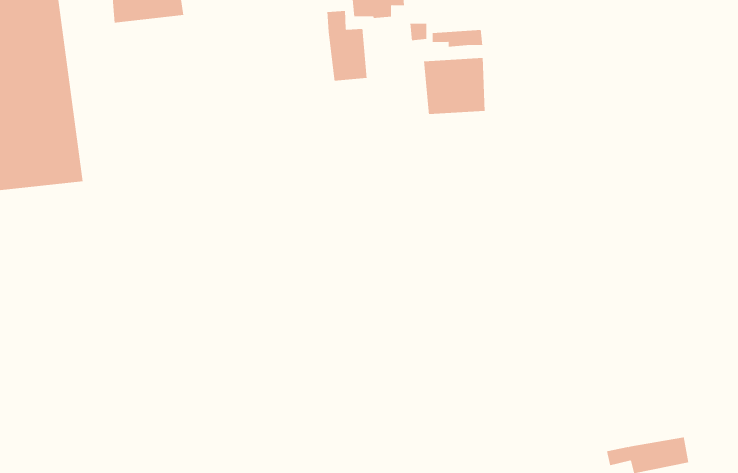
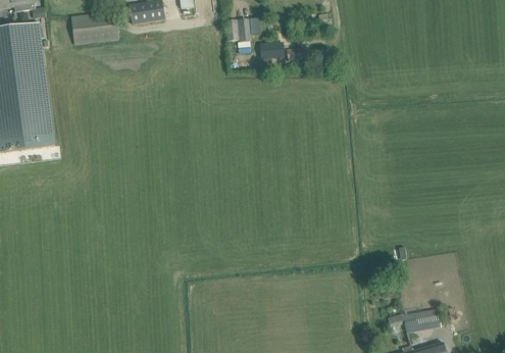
building: [327,10,367,81] -> none
building: [423,57,485,115] -> none

